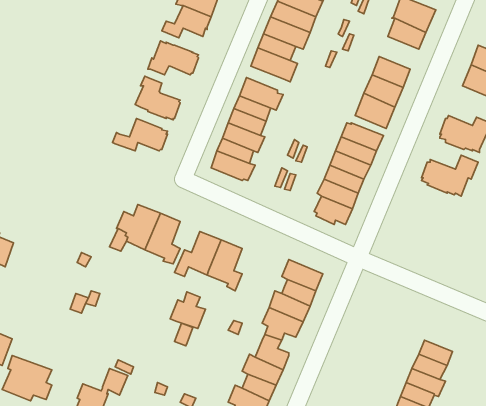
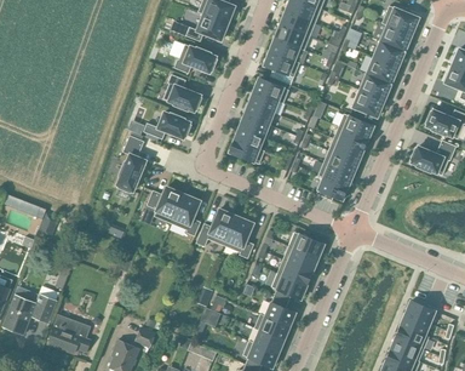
building: none -> [372,40,406,68]
building: none -> [115,131,148,193]
building: [170,292,206,328] -> none

